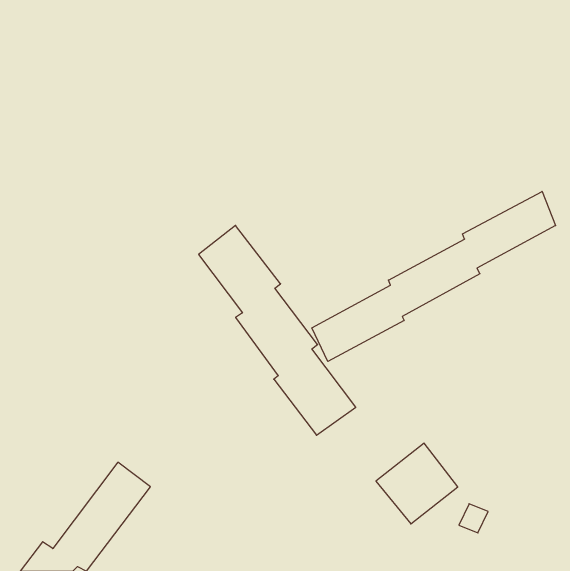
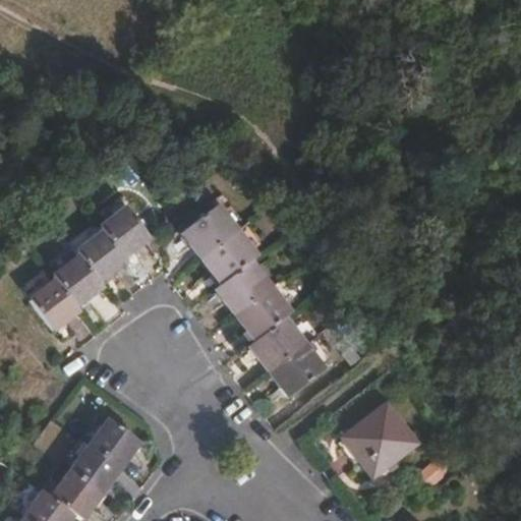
building: [312,191,556,361] -> none
building: none -> [31,207,148,330]

